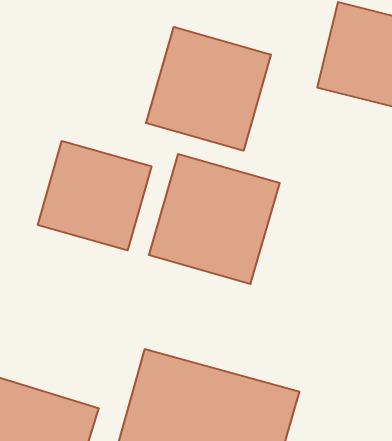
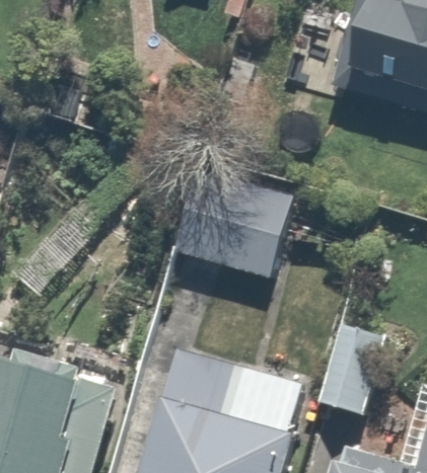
building: [146,27,271,151] -> none
building: [38,141,151,250] -> none

